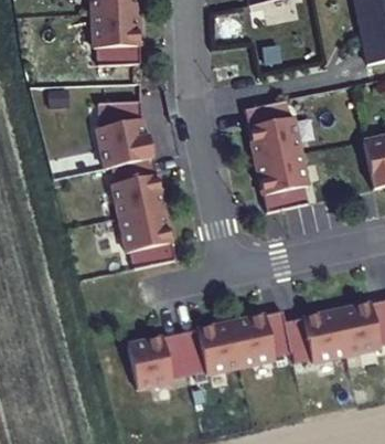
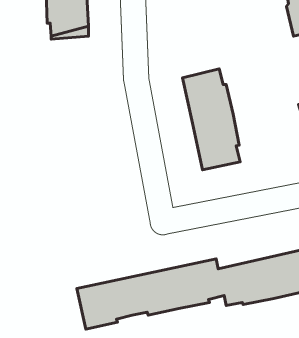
building: [96,99,174,268] -> none

